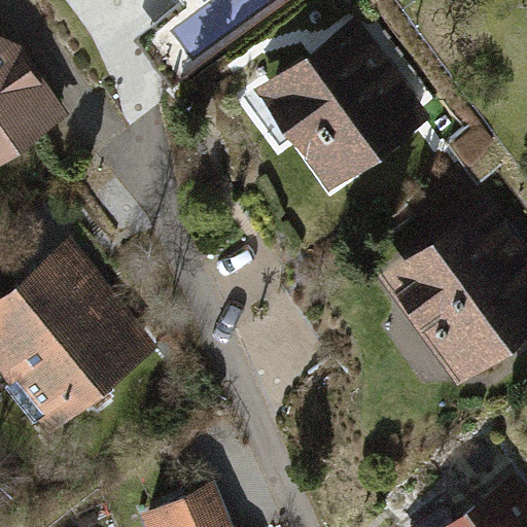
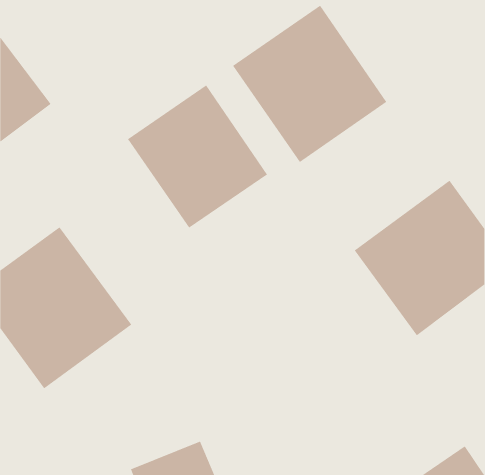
building: none -> [127,84,268,229]

